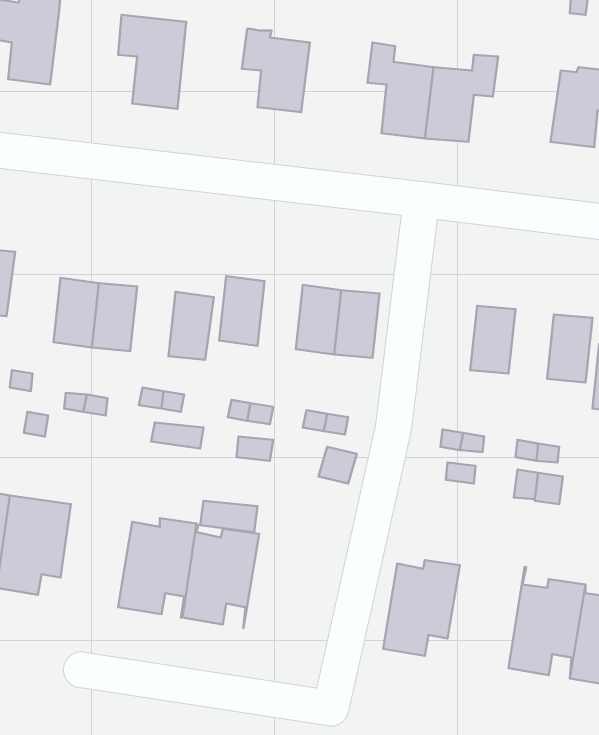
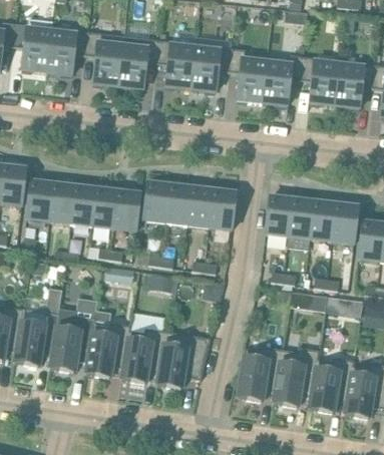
building: none -> [45,30,86,75]
building: none -> [118,36,158,89]
building: none -> [189,47,231,91]
building: none -> [300,56,339,105]
building: none -> [25,181,51,220]
building: none -> [164,185,190,224]
building: none -> [91,188,117,229]
building: none -> [265,196,291,237]
building: none -> [309,201,335,242]
building: none -> [49,308,93,372]
building: none -> [156,331,210,388]
building: none -> [273,347,318,408]

